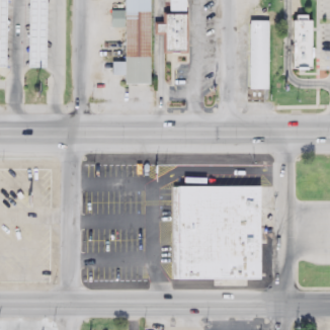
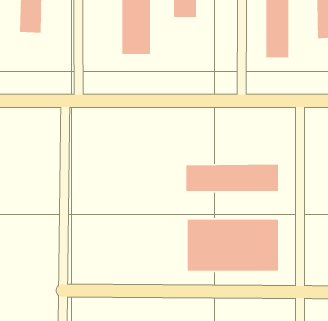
building: [178,209,262,233] -> none

